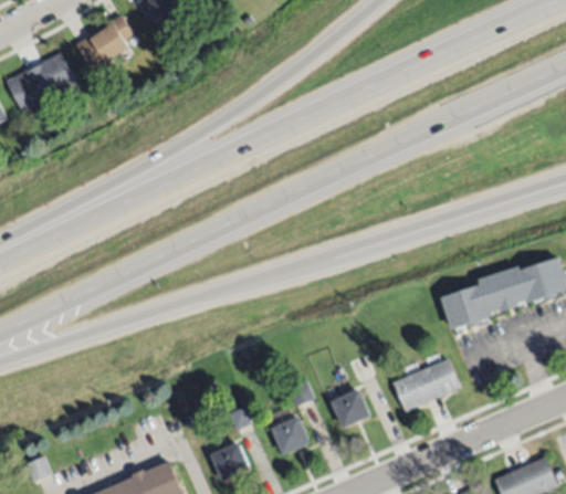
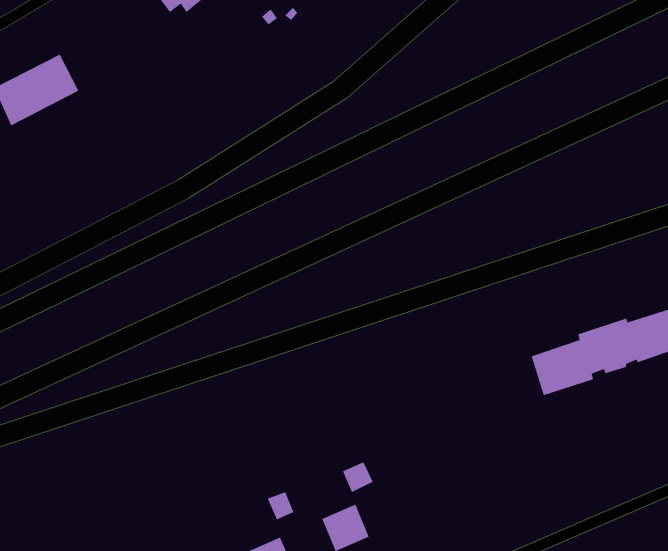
building: [74,14,134,72] -> none
building: [392,359,461,412] -> none
building: [332,389,370,428] -> none

